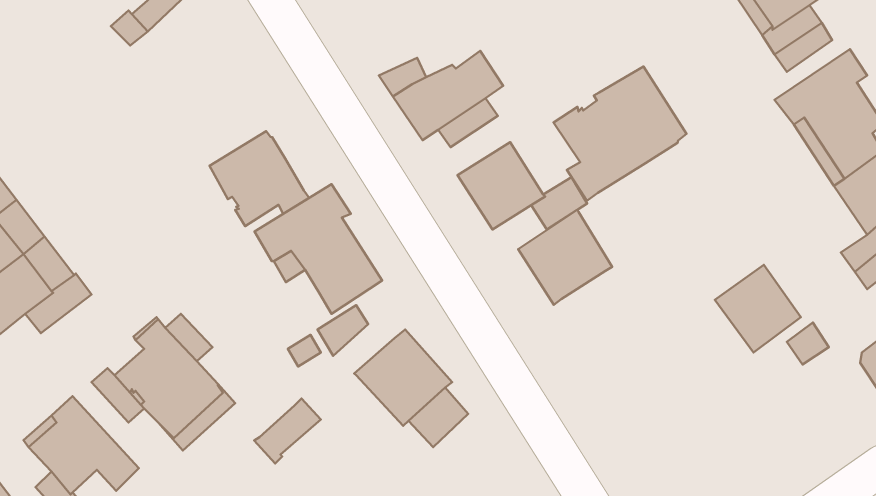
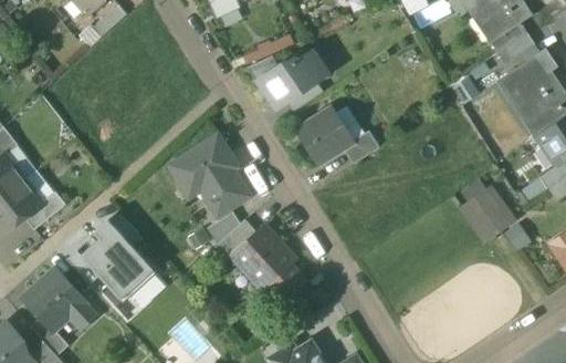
building: [554,66,686,201] -> none
building: [210,131,309,226] -> none
building: [518,210,612,305] -> none
building: [254,399,321,463] -> [214,218,256,259]

